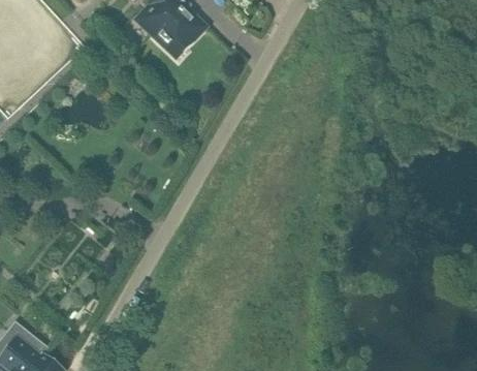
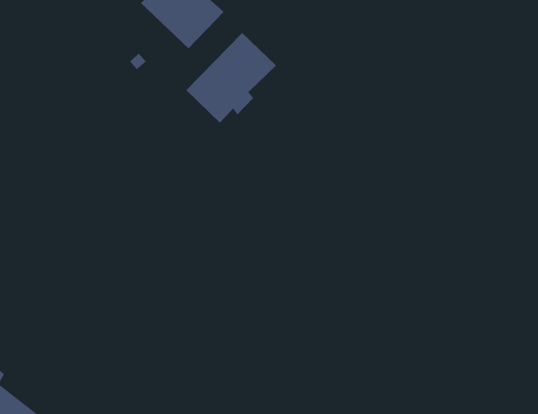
building: none -> [185,32,277,123]

